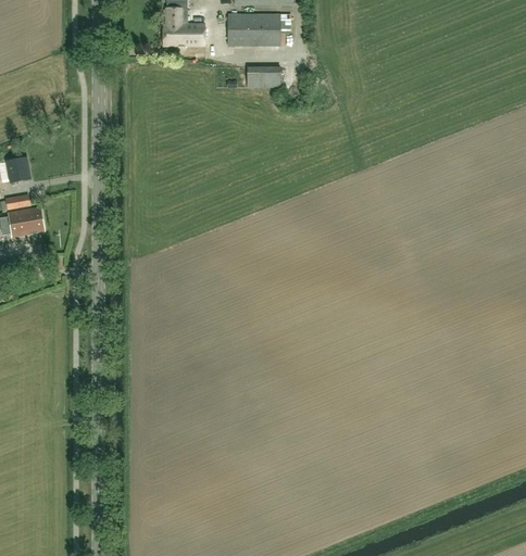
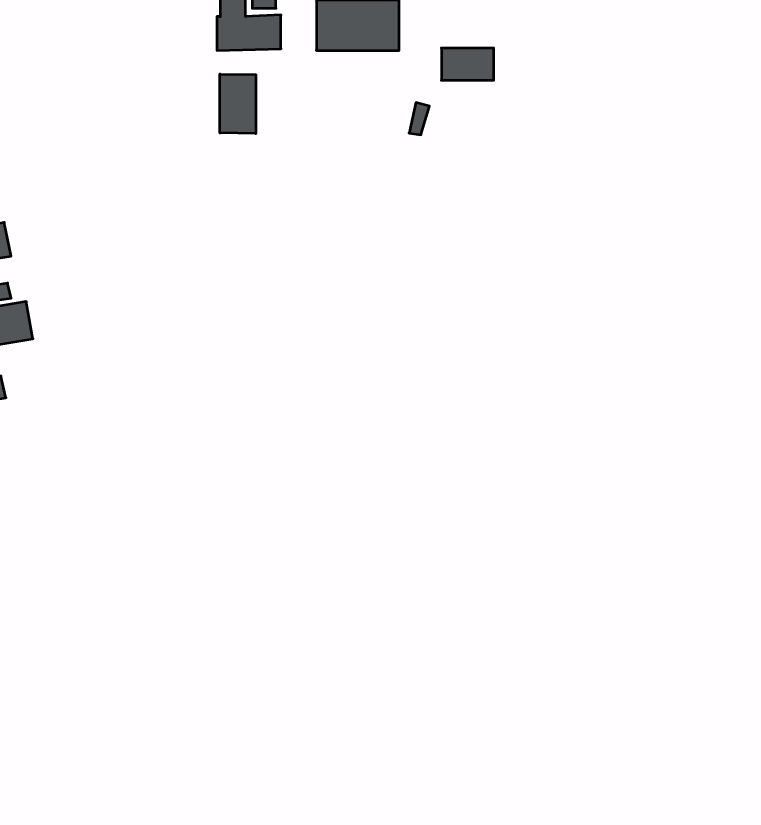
building: none -> [220,74,256,134]
building: [247,66,280,87] -> [441,48,494,80]

